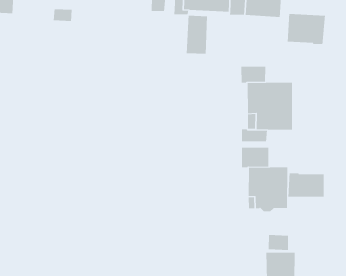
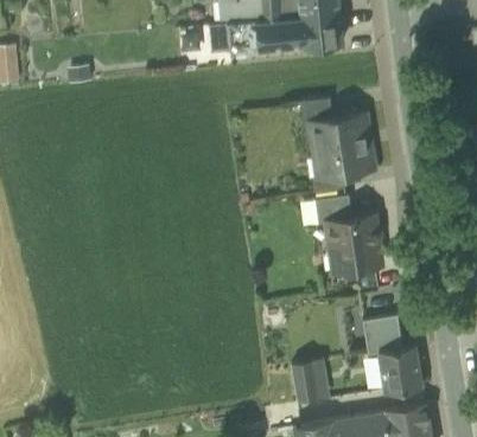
building: [287,13,325,45] -> none
building: [186,15,208,55] -> none
building: [288,173,324,197] -> none

